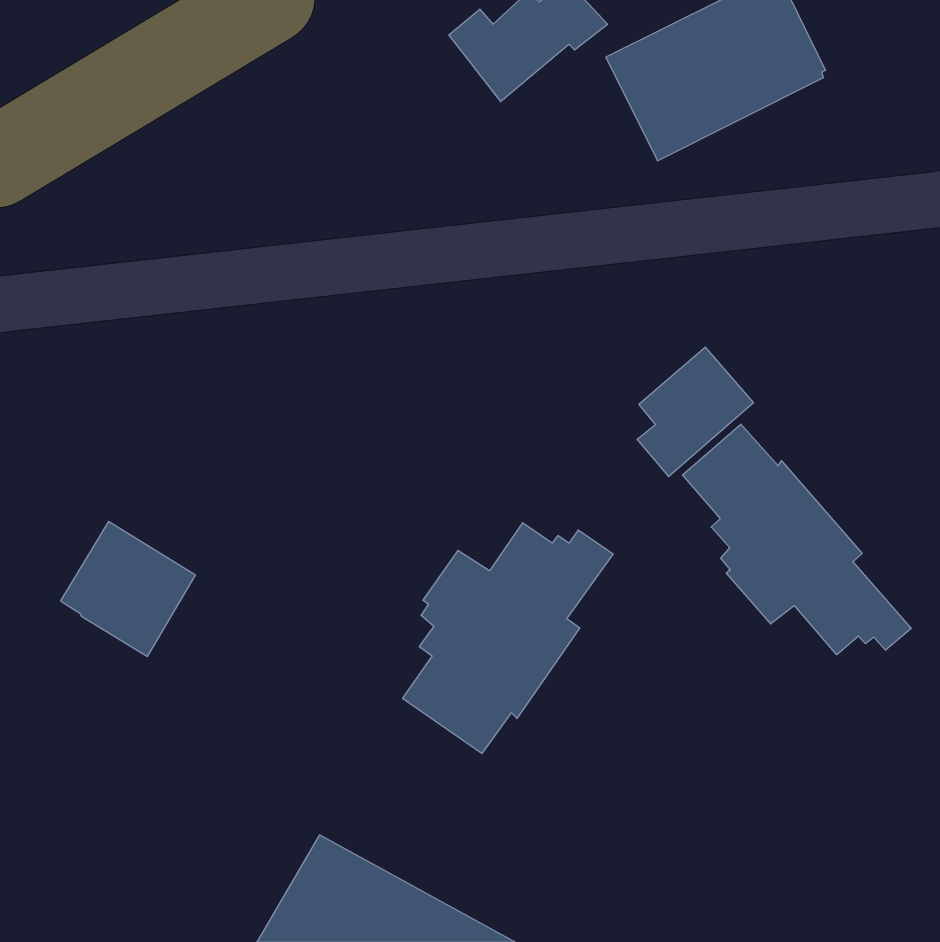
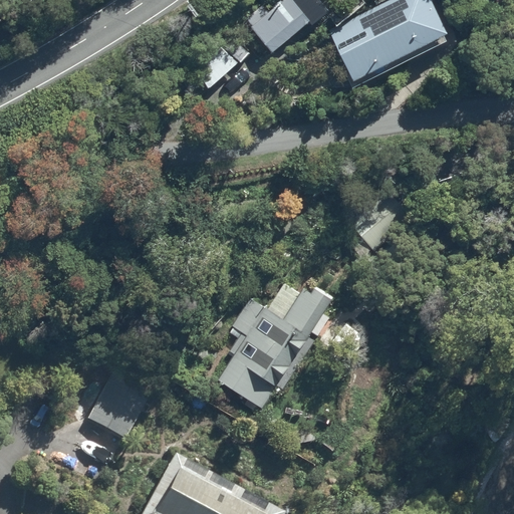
building: [683,424,911,655] -> none
building: [61,522,195,656] -> [74,368,148,442]

